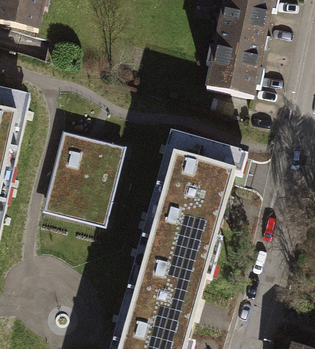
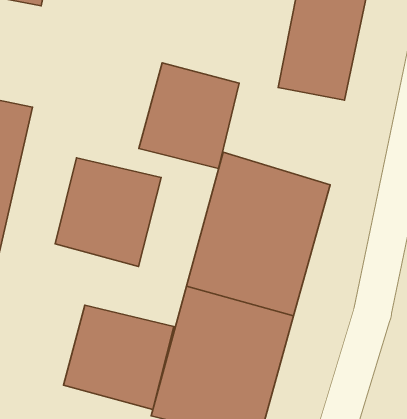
building: none -> [139,63,239,169]
building: none -> [64,305,174,409]

